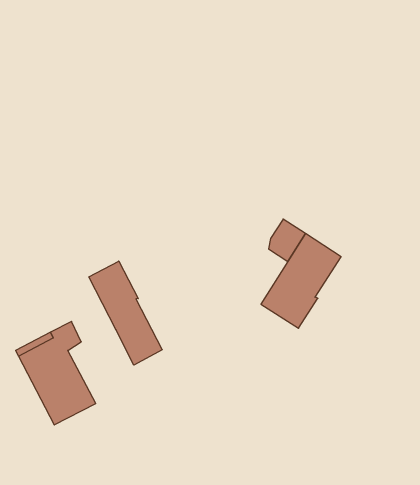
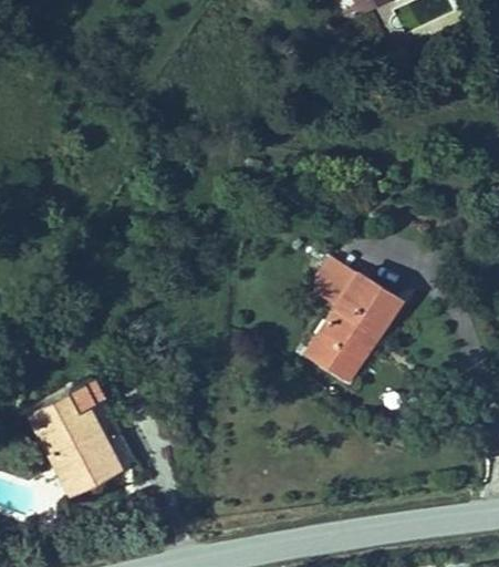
building: [89,261,162,365] -> none

